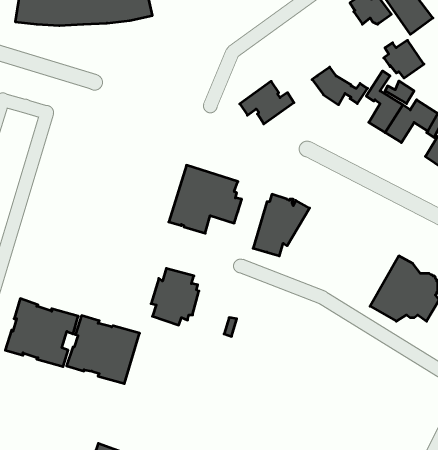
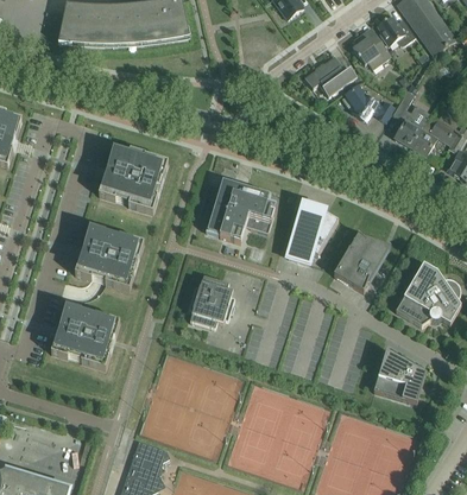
building: [384,40,424,78] -> [352,30,390,65]
building: [240,81,294,124] -> [304,53,355,94]
building: none -> [97,144,166,210]
building: none -> [333,230,380,290]
building: [67,316,140,384] -> [74,223,143,287]
building: none -> [372,348,423,400]

